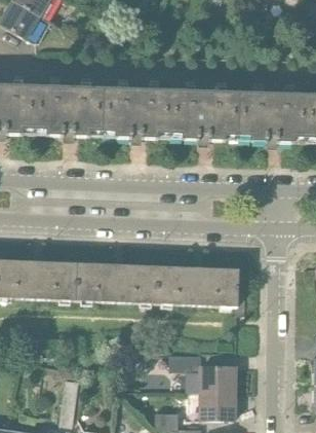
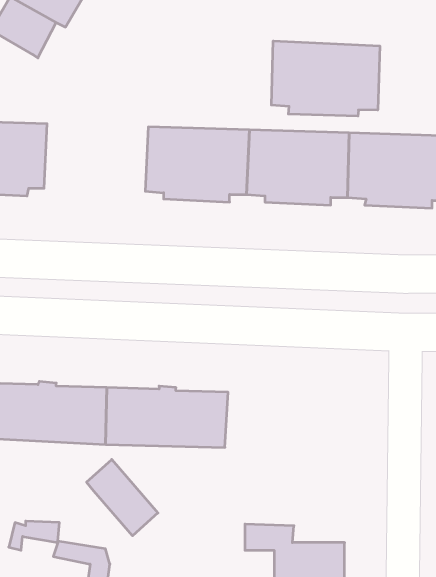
building: none -> [271,41,380,116]
building: [35,85,105,136] -> none
building: [156,264,246,315] -> none
building: none -> [87,459,158,536]

